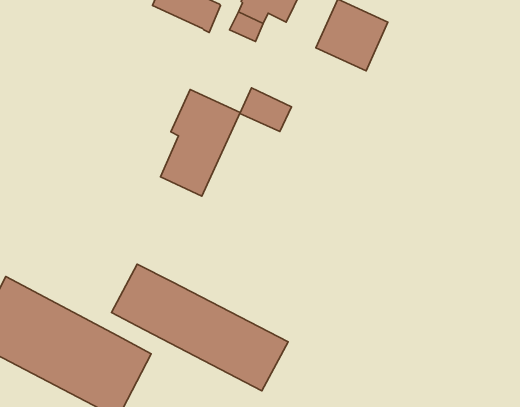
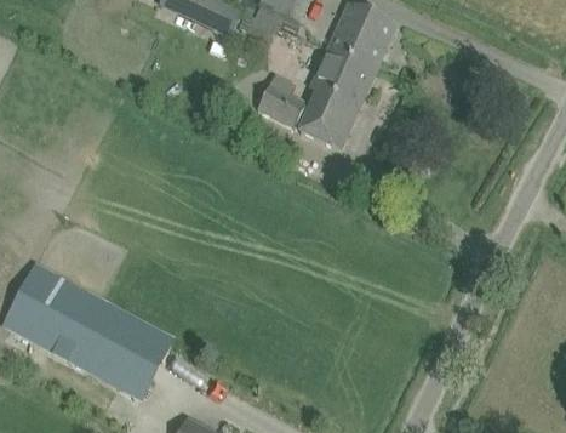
building: [161,89,240,196] -> [299,47,375,148]
building: [112,264,288,391] -> none

